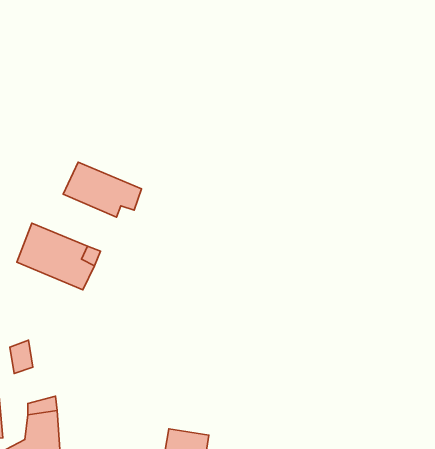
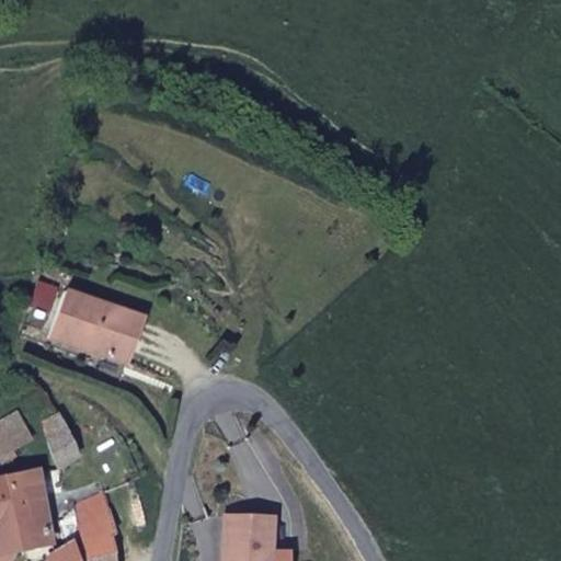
building: [63,162,142,217] -> none

